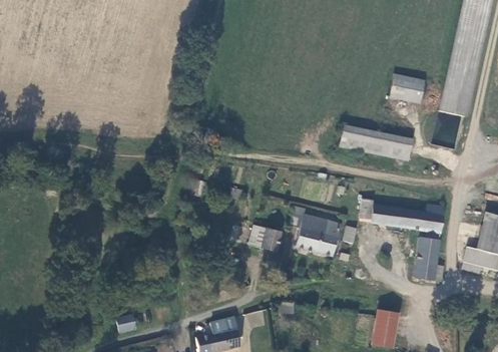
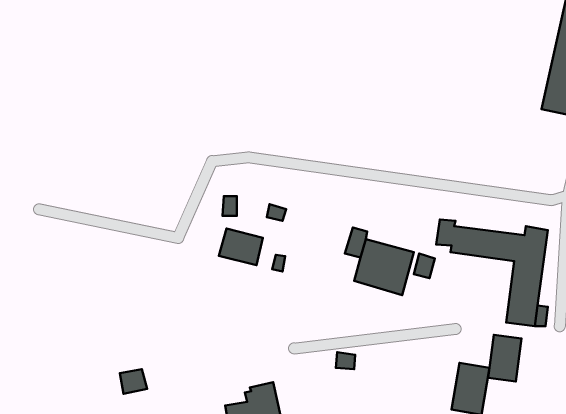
building: [390,74,426,104] -> none
building: [340,122,414,160] -> none
building: [247,223,282,251] -> [219,229,263,265]
building: none -> [488,335,522,382]

